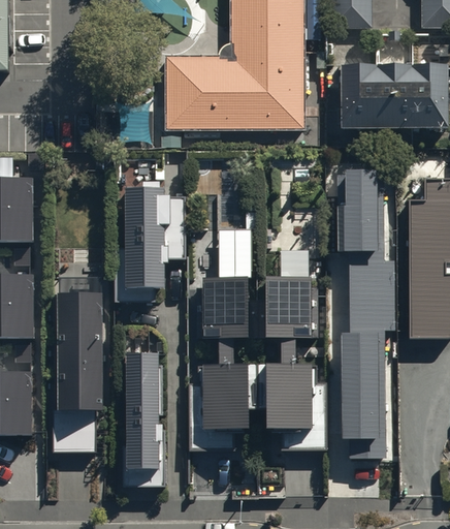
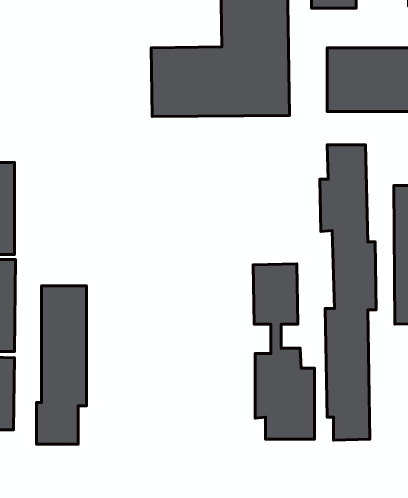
building: [117,185,189,299] -> none
building: [194,225,253,446] -> none
building: [124,351,165,486] -> none

